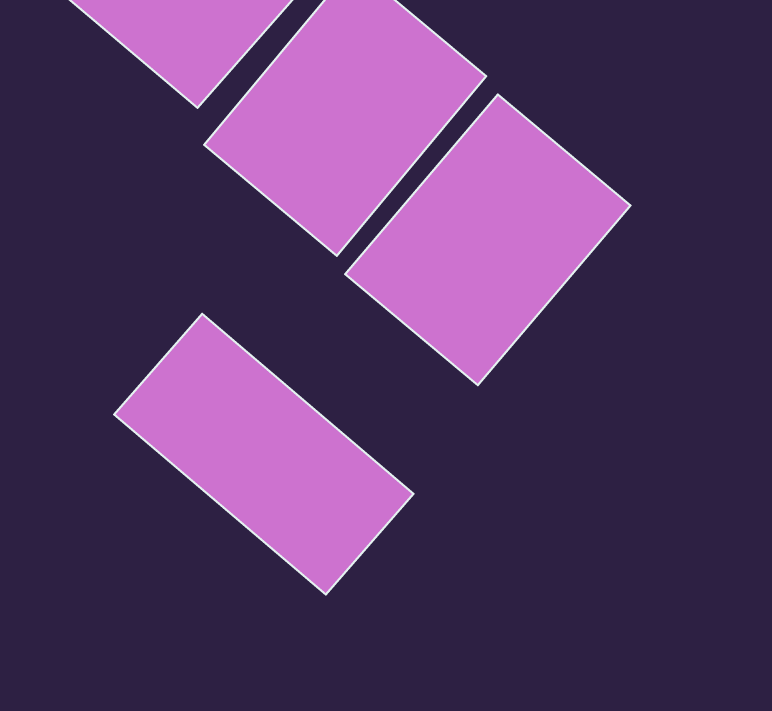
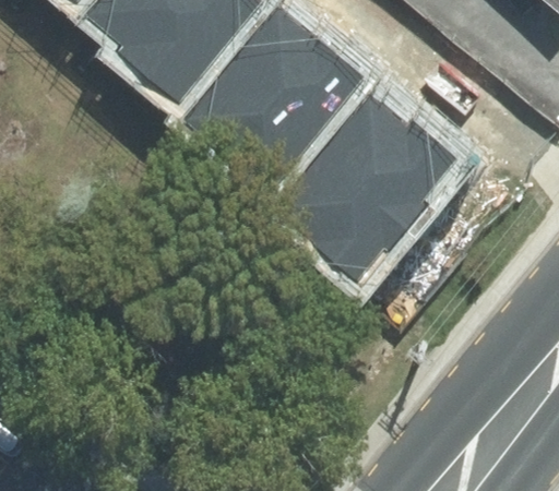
building: [114,314,414,594] -> none

